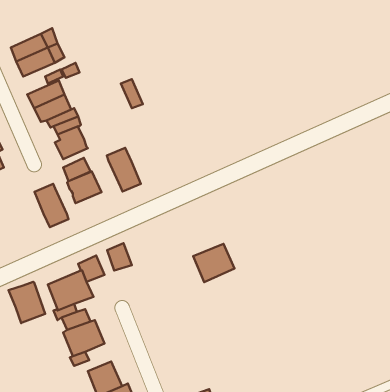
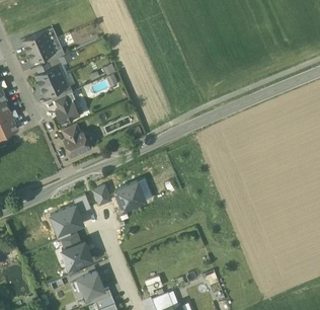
building: [107,148,141,191] -> none
building: [34,184,68,227] -> none
building: [193,244,235,282] -> [114,181,145,210]
building: [8,282,45,323] -> none

